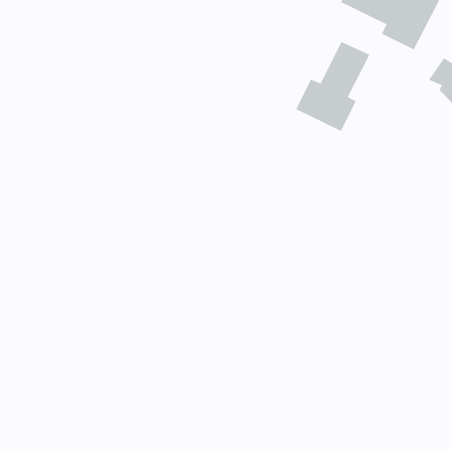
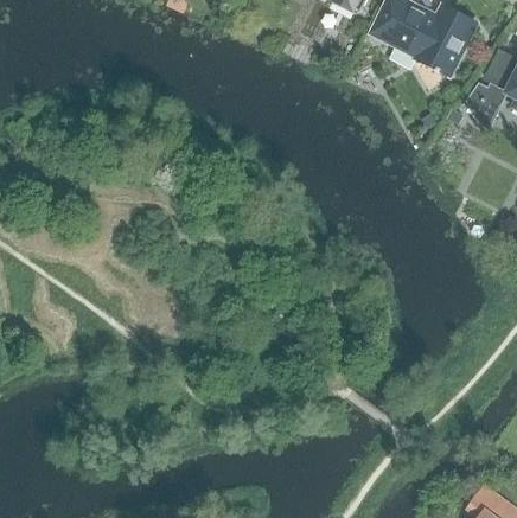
building: [296,41,370,132] -> none

